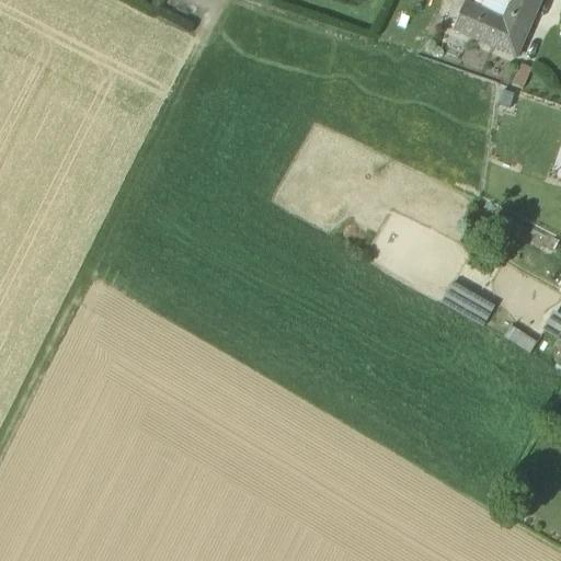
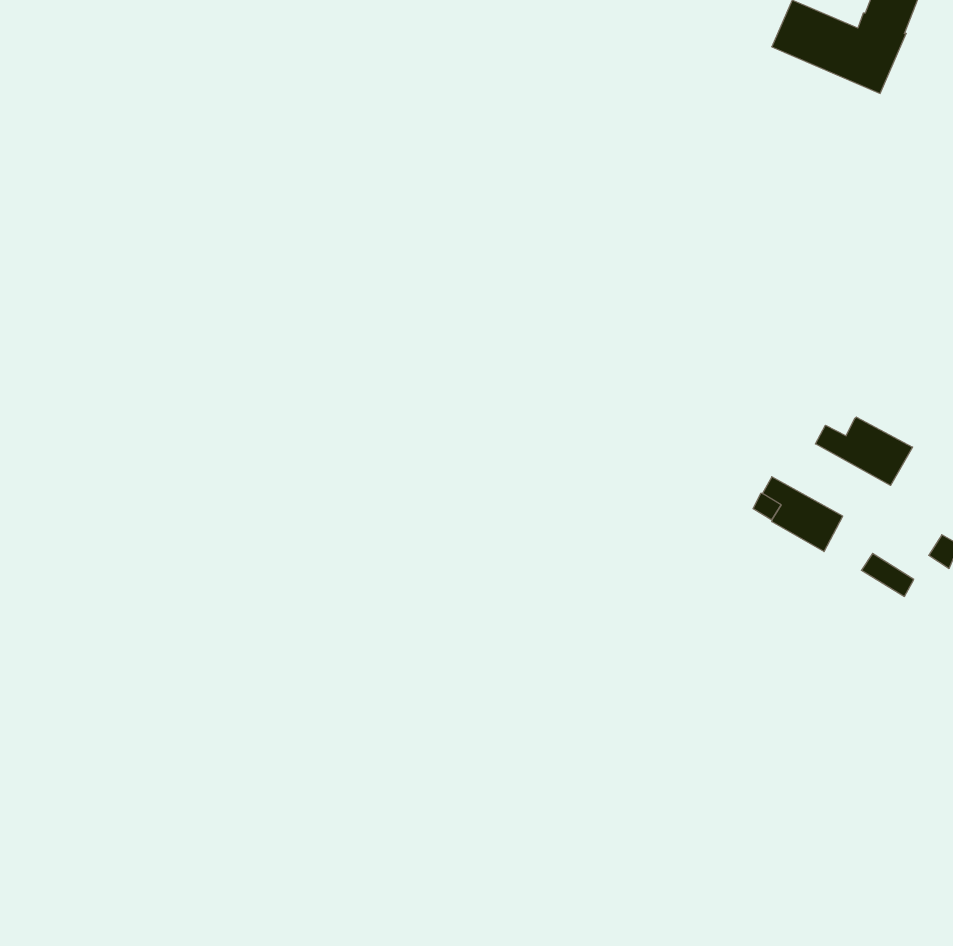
building: none -> [815,417,913,485]

